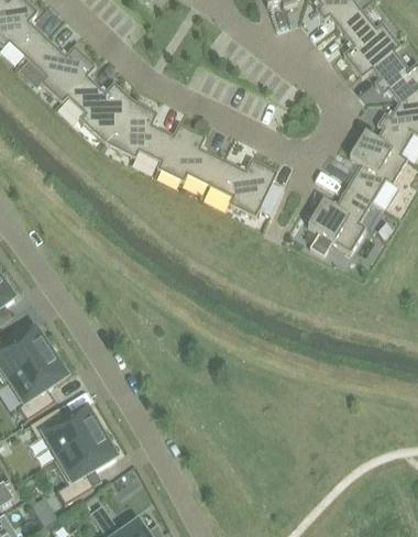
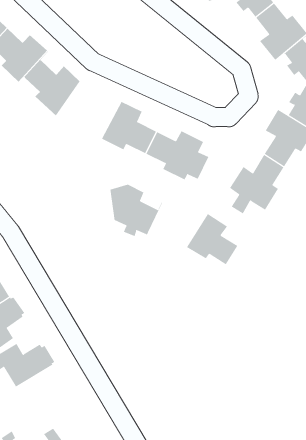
building: [104,100,180,167] -> none
building: none -> [110,184,163,247]
building: none -> [186,213,238,265]
building: [52,431,116,504] -> none

